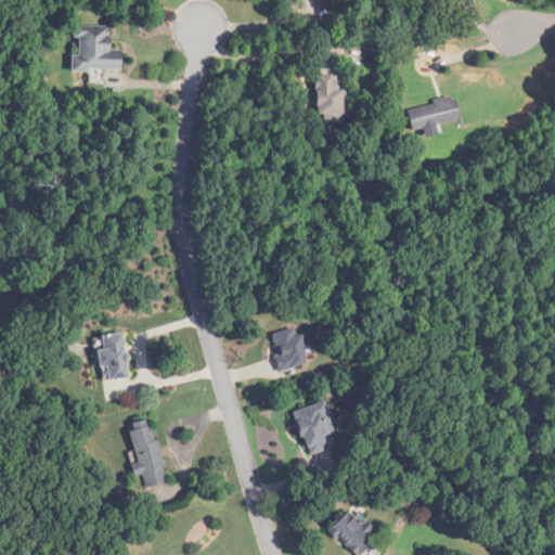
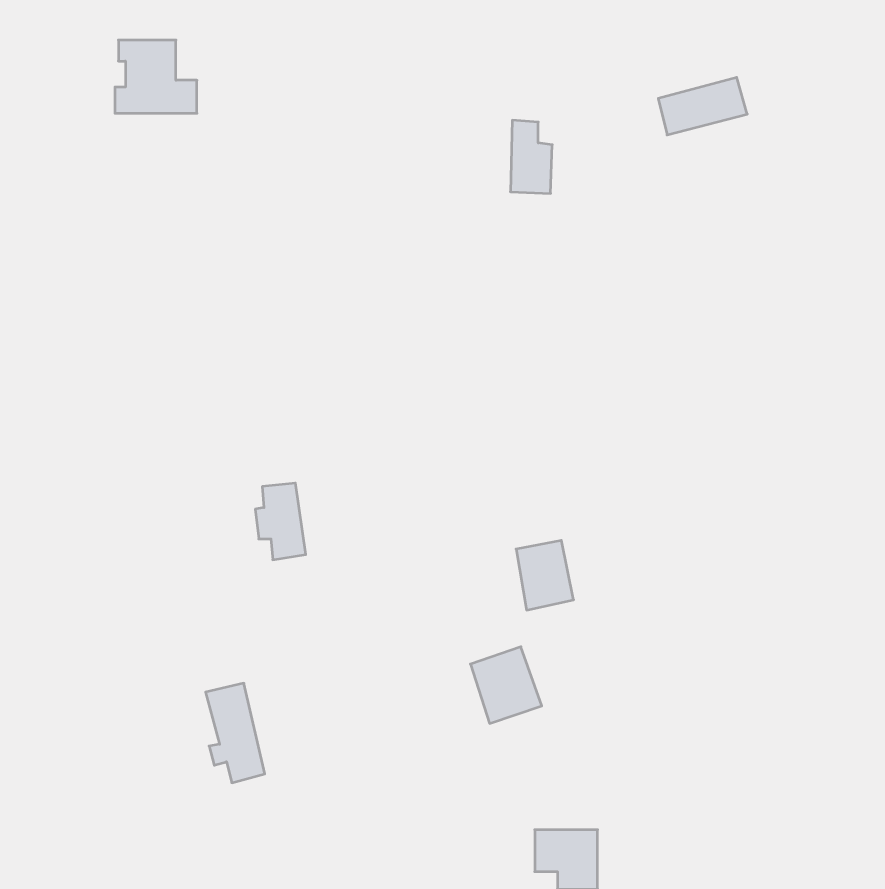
building: [405,95,461,131] -> [658,77,747,135]
building: [270,327,306,371] -> [516,540,574,610]
building: [98,333,129,380] -> [255,483,306,560]

